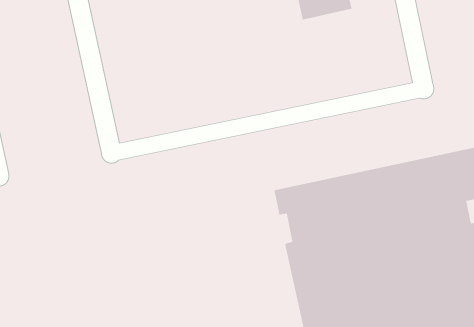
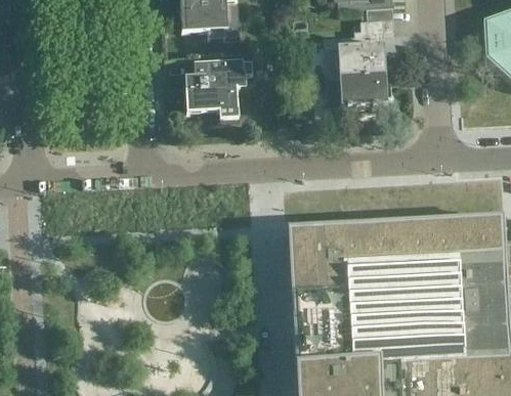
building: none -> [340,71,390,104]
building: none -> [187,56,248,114]

